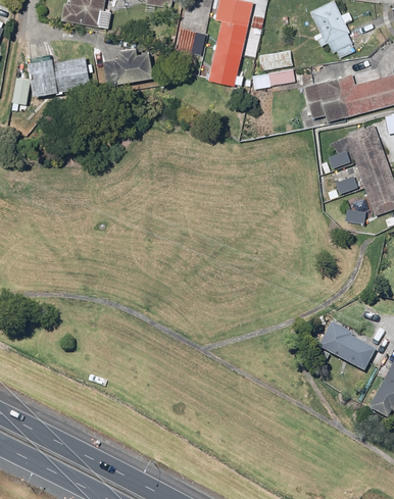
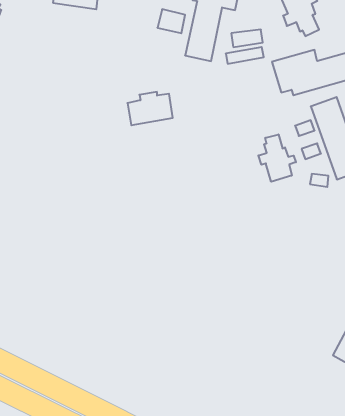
building: [102,49,152,86] -> [127,92,173,125]
building: [27,56,90,96] -> none
building: none -> [258,134,296,182]
building: [317,320,374,369] -> none

